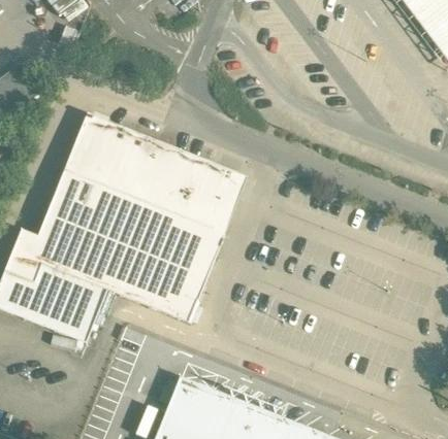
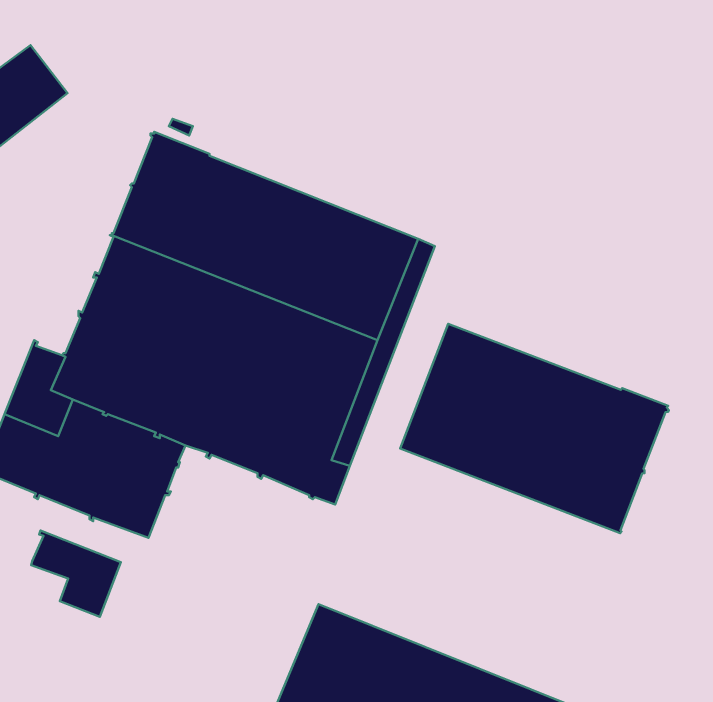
building: none -> [400,324,669,533]
building: none -> [31,530,121,617]

